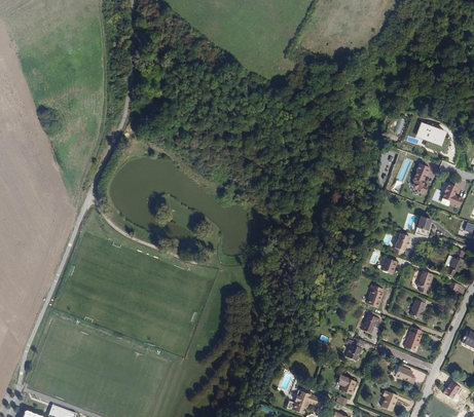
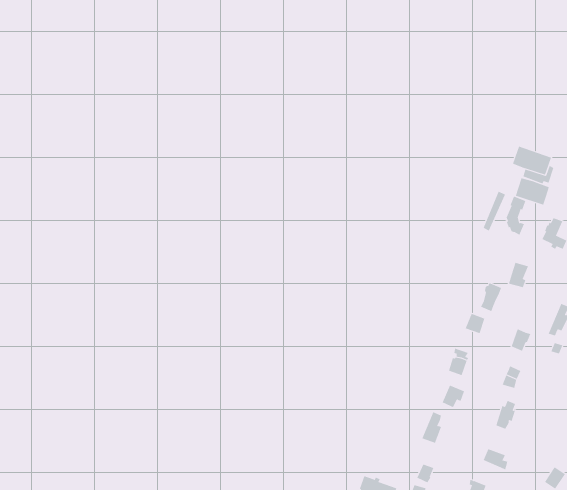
building: none -> [515,178,550,205]

